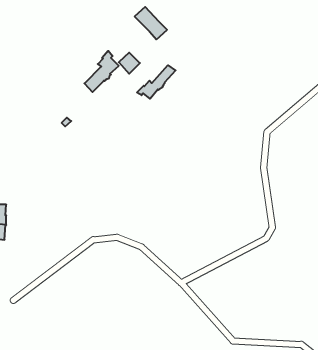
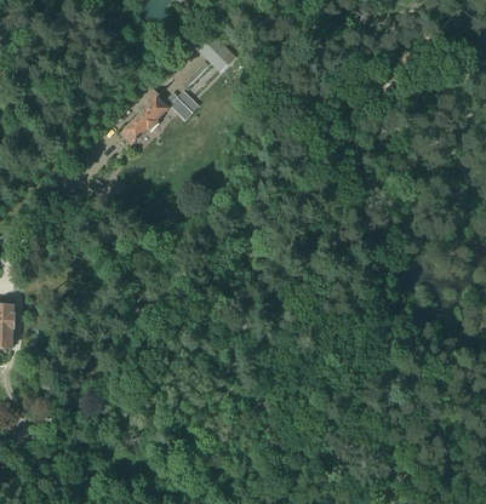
building: [137,65,176,99] -> none

